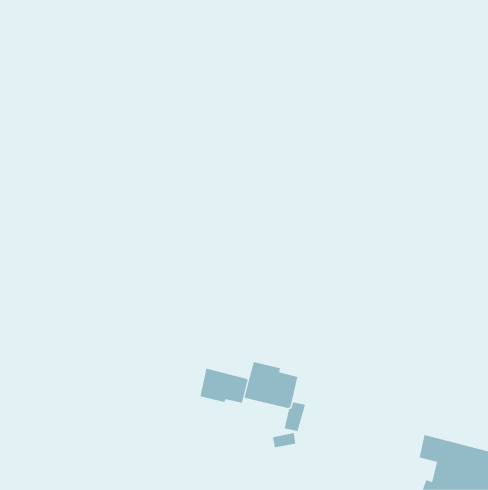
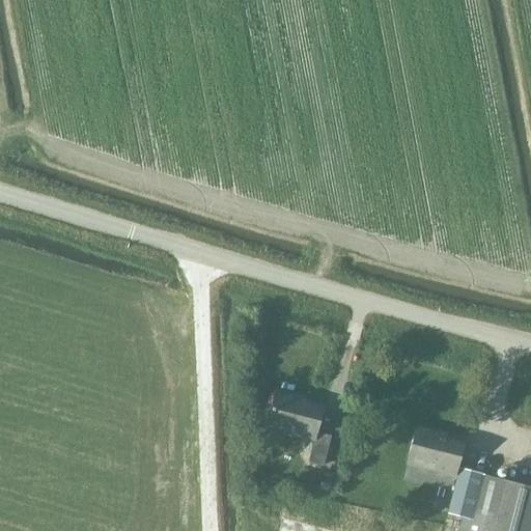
building: [200,368,248,404] -> none
building: none -> [407,427,466,478]

